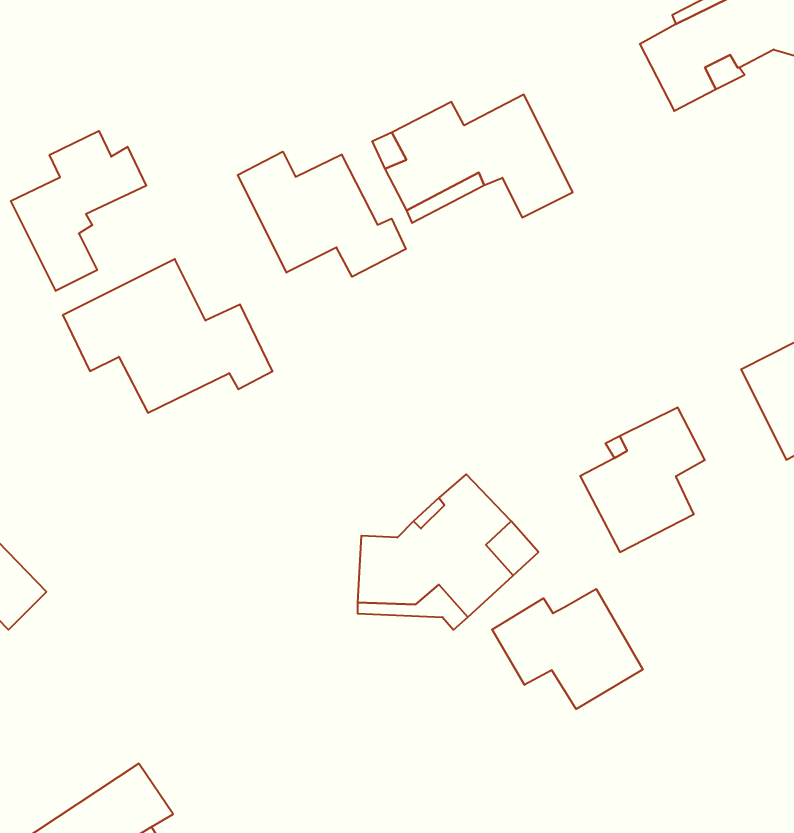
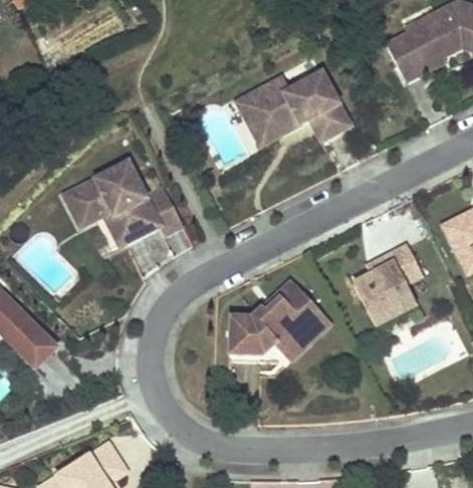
building: [11,131,146,291] -> none
building: [238,152,406,277] -> none
building: [492,589,643,709] -> none

